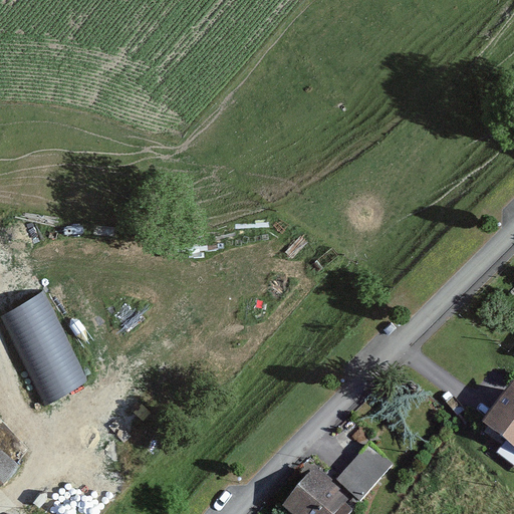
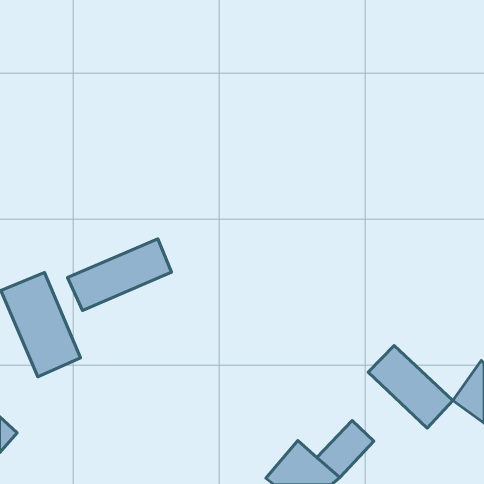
building: none -> [68,239,171,311]
building: none -> [368,345,453,428]

